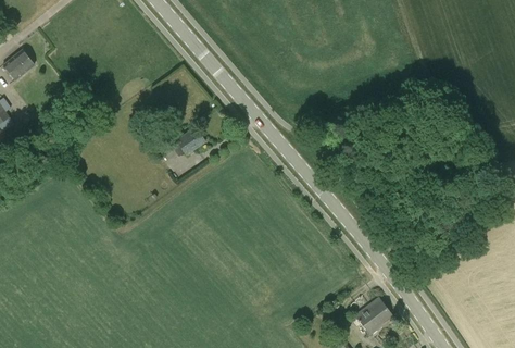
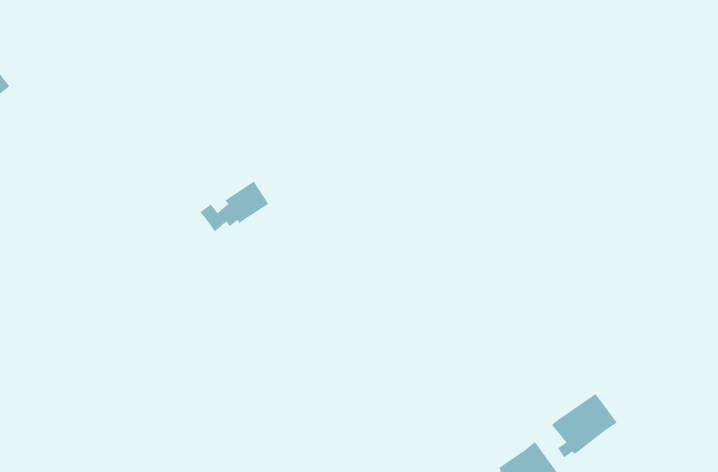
building: none -> [551,393,618,458]

